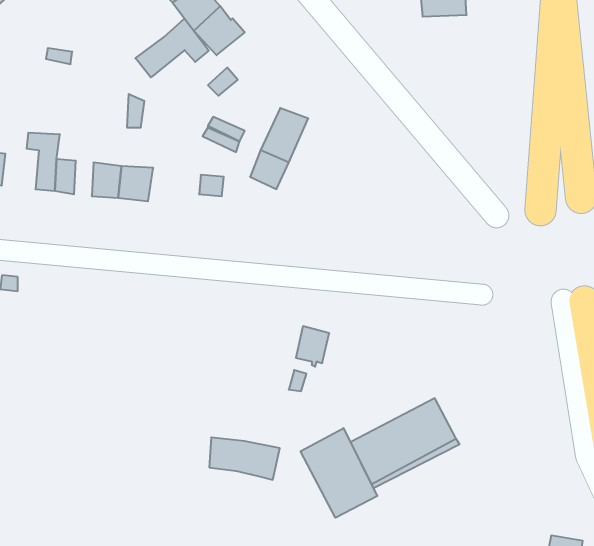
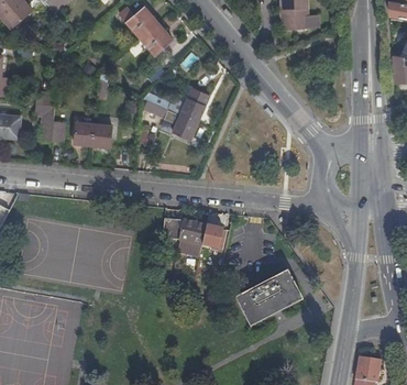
building: [135,18,209,77] -> none
building: [301,428,377,518] -> none
building: [209,438,280,480] -> [163,218,207,244]

